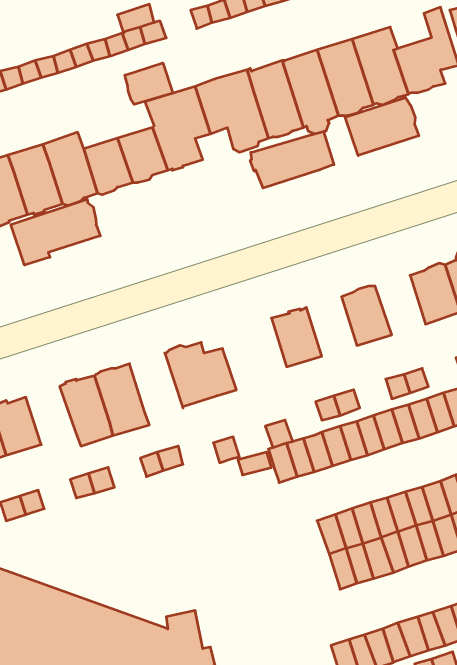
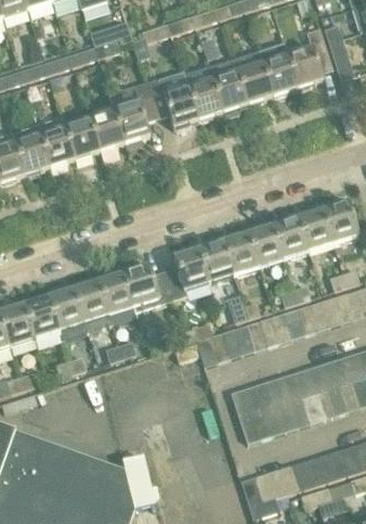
building: [125,63,173,104] -> none
building: [345,97,419,156] -> none
building: [250,131,334,188] -> none
building: [11,199,100,265] -> none
building: none -> [272,219,308,261]
building: none -> [223,234,259,277]
building: none -> [164,250,209,301]
building: none -> [97,274,138,327]
building: none -> [24,298,60,340]

